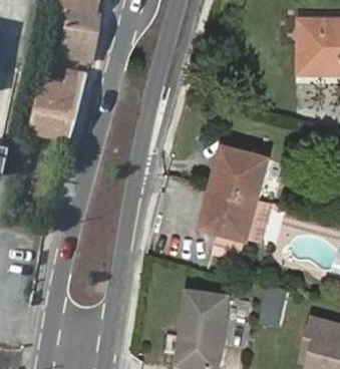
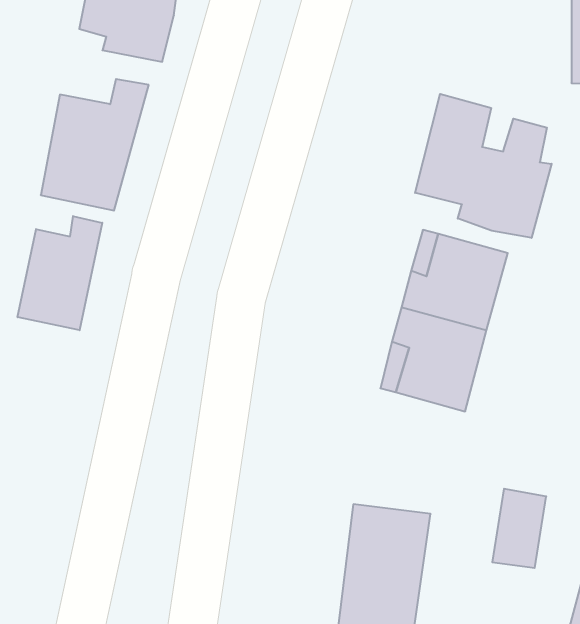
building: none -> [415,94,552,238]
building: none -> [18,216,102,330]

